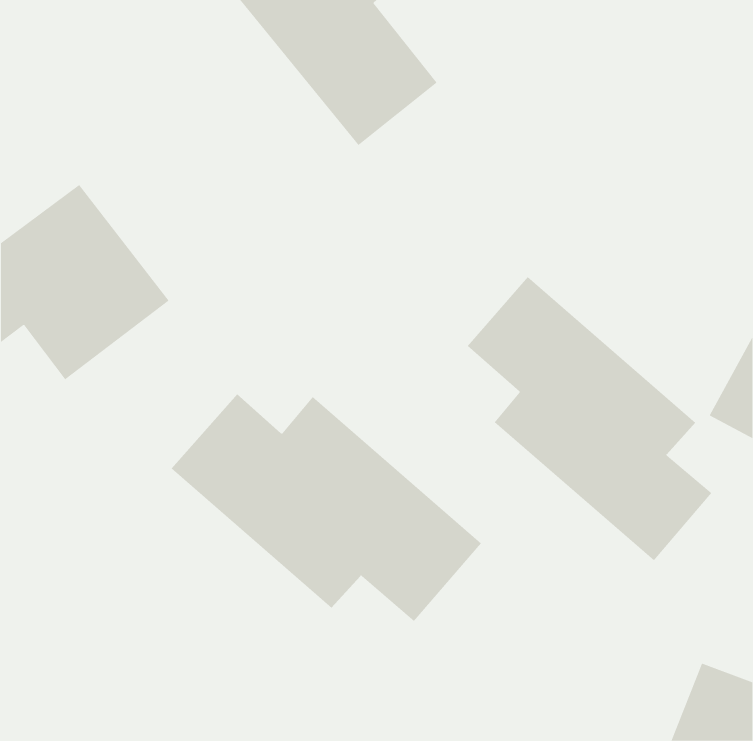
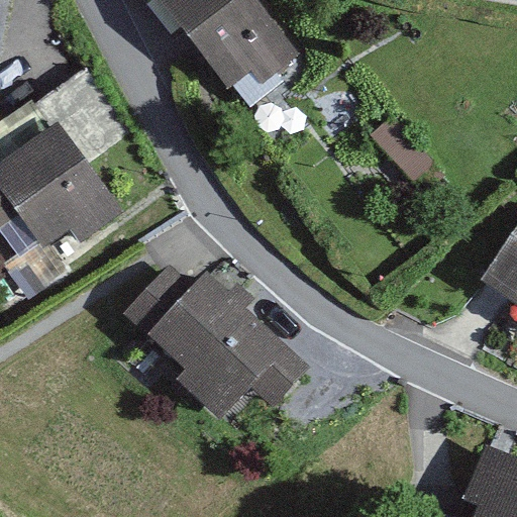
building: [467,276,712,561] -> none

